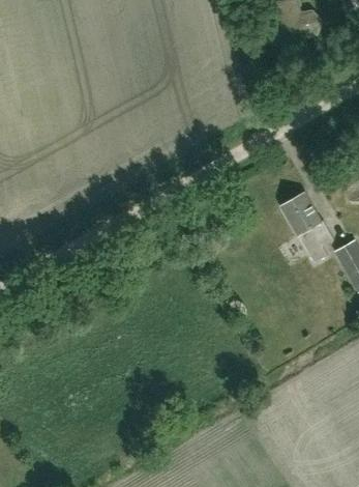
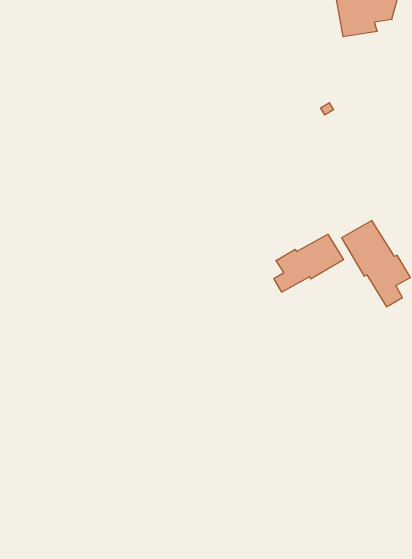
building: none -> [274,234,343,292]

